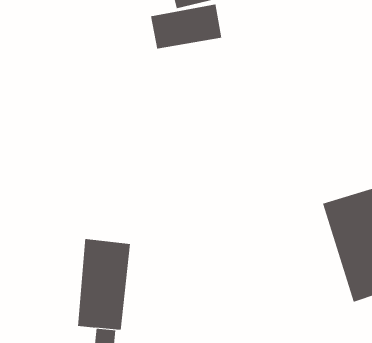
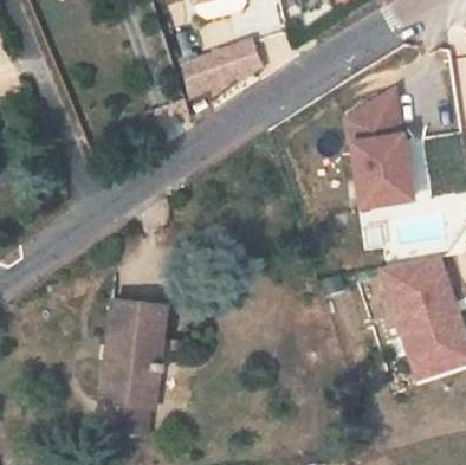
building: none -> [341,93,416,209]

